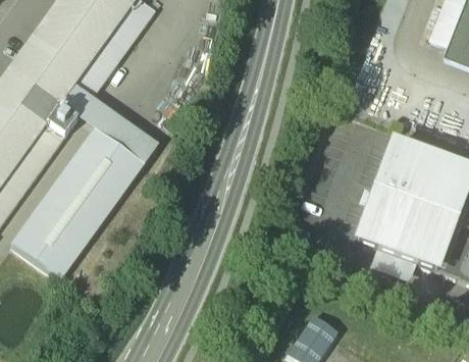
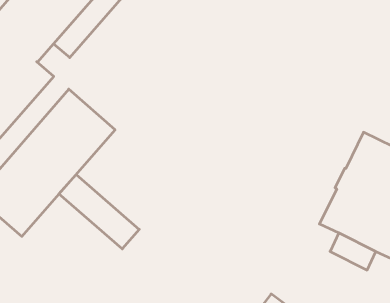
building: [59,84,157,164] -> none
building: none -> [59,175,139,249]

